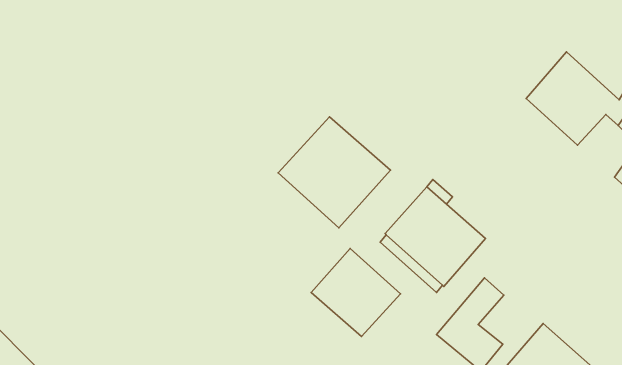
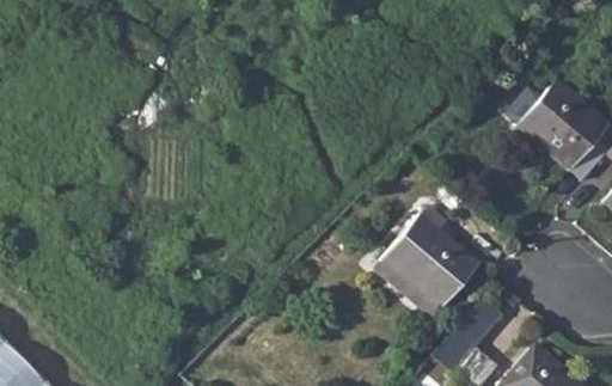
building: [278,117,390,228] -> none
building: [311,249,401,337] -> none

